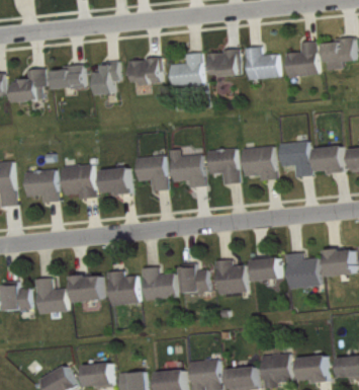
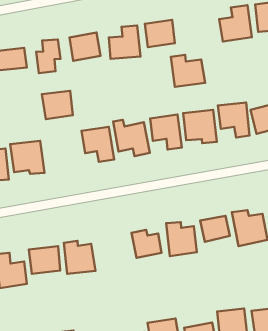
building: [245,47,278,79] -> [171,55,205,87]
building: [99,167,129,194] -> [42,91,73,119]
building: [141,266,174,299] -> none

